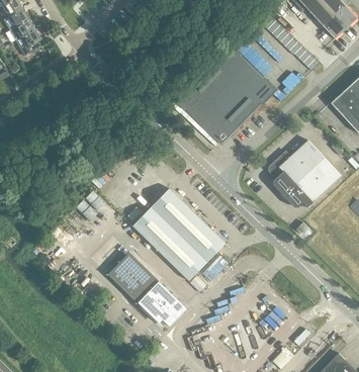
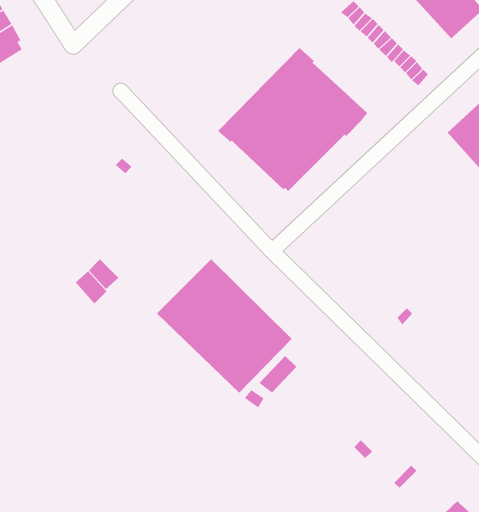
building: [268,140,341,207] -> none
building: [108,252,187,327] -> none

